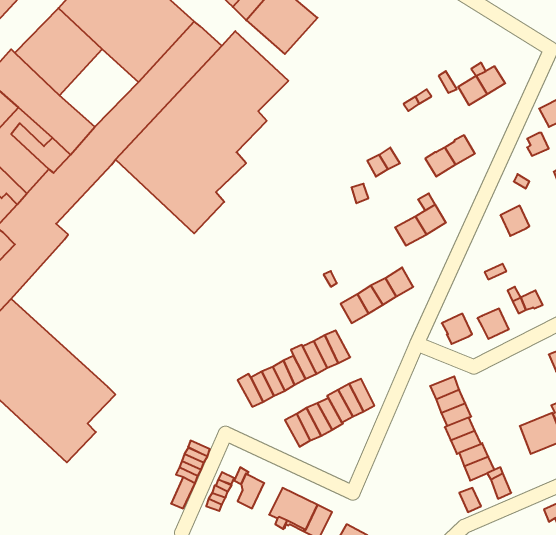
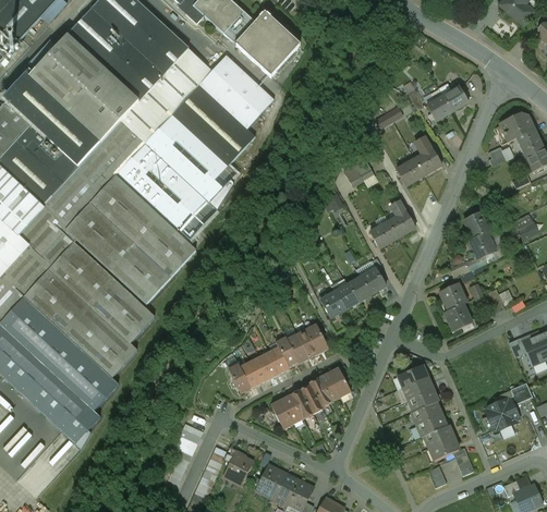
building: none -> [68,71,138,141]
building: none -> [64,174,194,301]
building: none -> [469,232,496,259]
building: none -> [24,242,154,375]
building: [442,314,472,344] -> [439,283,466,310]

